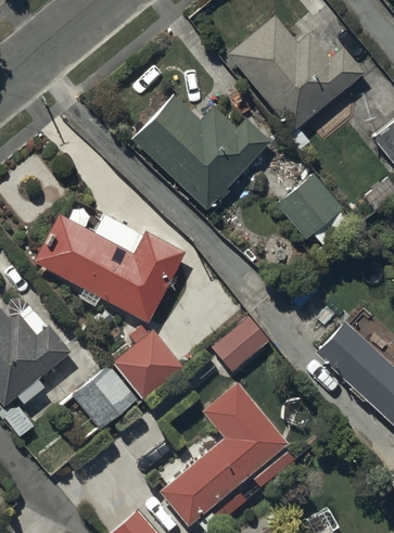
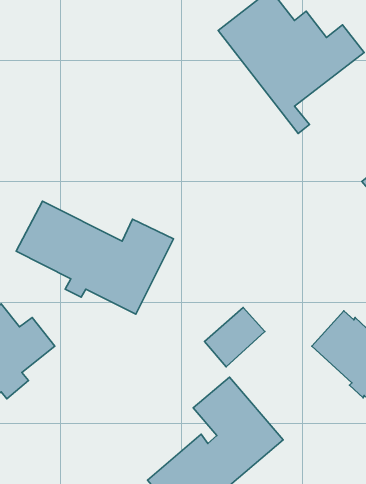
building: [131,93,270,210] -> none
building: [276,173,357,252] -> none
building: [72,325,185,429] -> none

